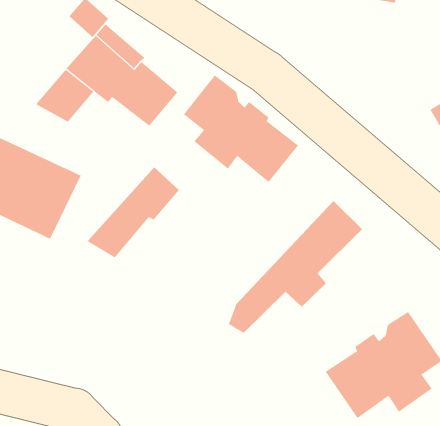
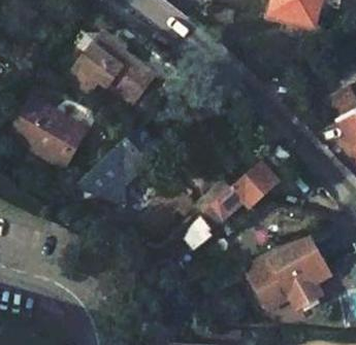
building: [183,75,299,183] -> none

